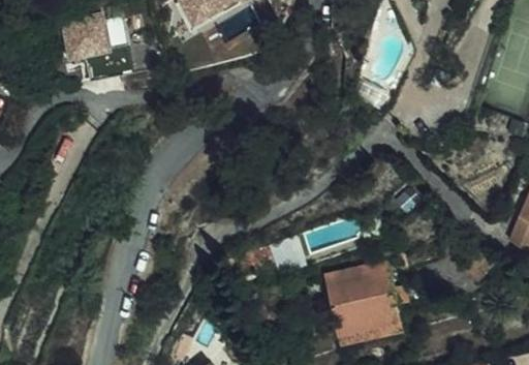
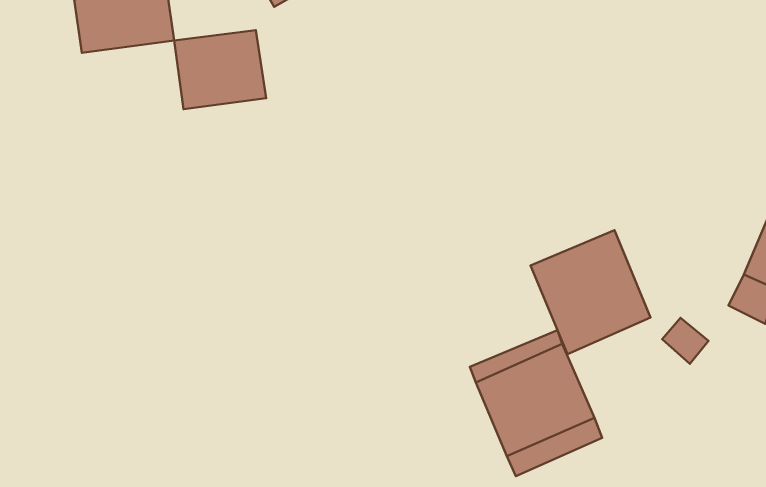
building: none -> [174,30,266,109]
building: none -> [530,230,650,354]

